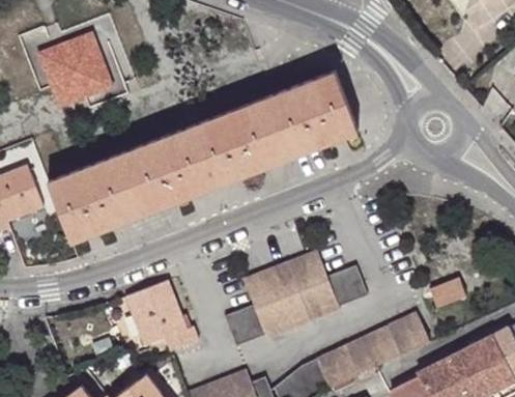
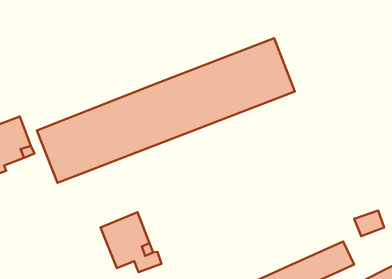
building: [36,31,115,110] -> none
building: [225,251,367,346] -> none

